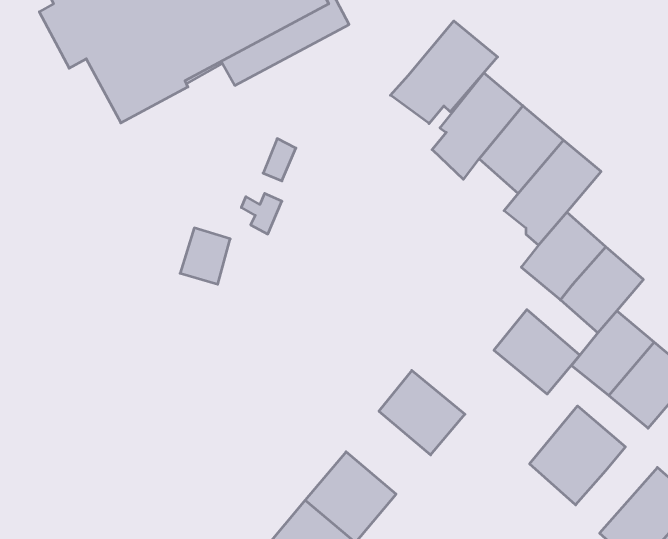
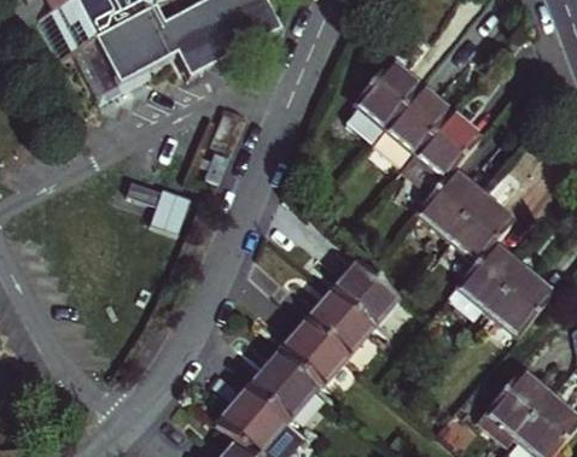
building: [390,21,498,124] -> none
building: [494,310,580,394] -> [331,257,397,322]
building: [530,406,625,505] -> none
building: none -> [280,320,345,383]

